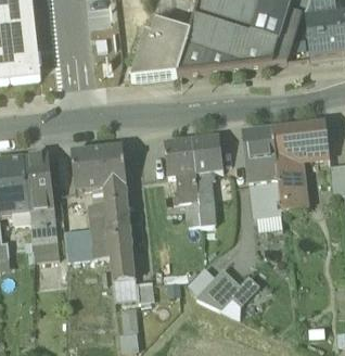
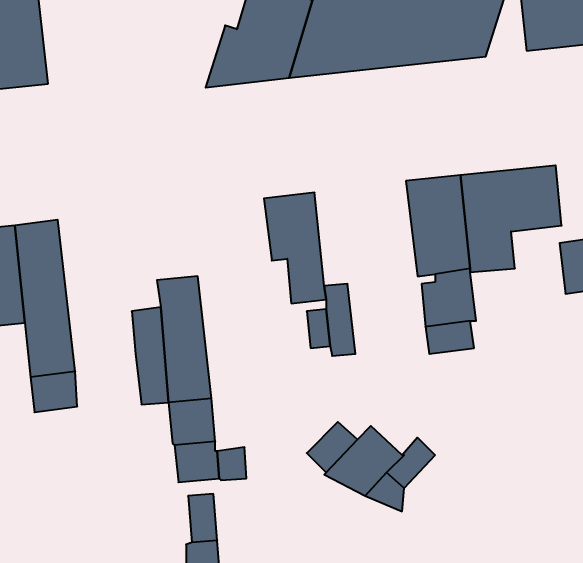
building: [191,134,222,189] -> none
building: [72,144,126,188] -> none
building: [278,179,306,209] -> none
building: [64,227,94,258] -> none

